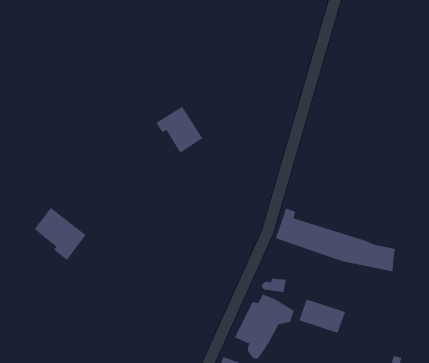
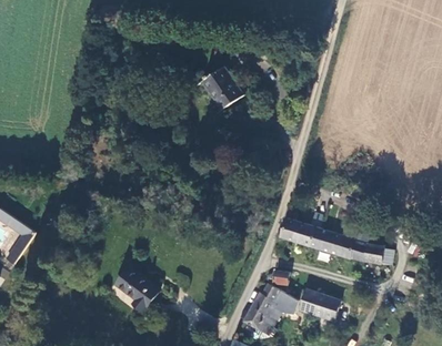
building: [156,106,203,154] -> [199,69,240,110]
building: [34,207,86,261] -> [114,266,160,313]

